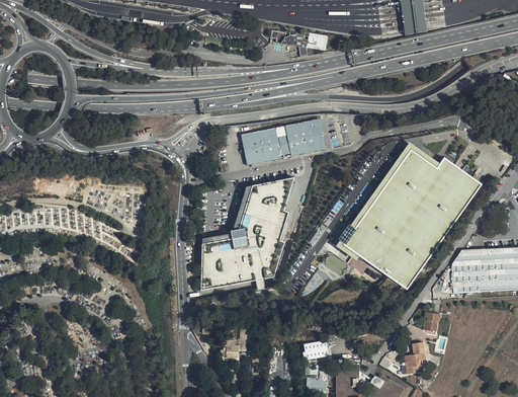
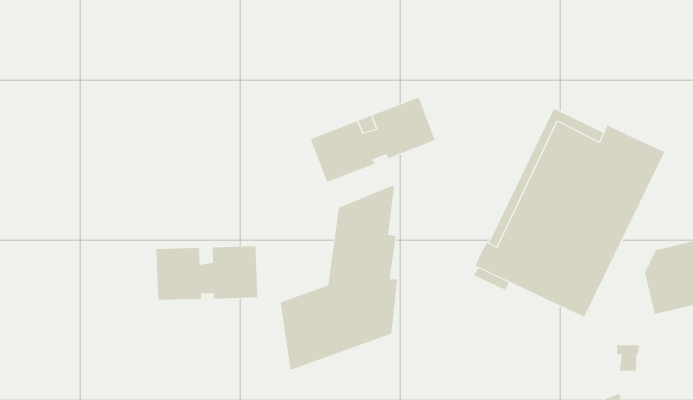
building: none -> [156,246,258,301]

